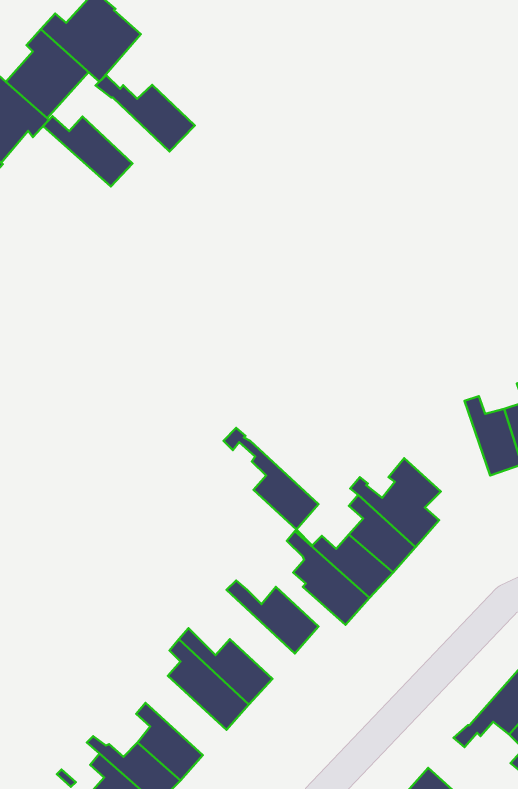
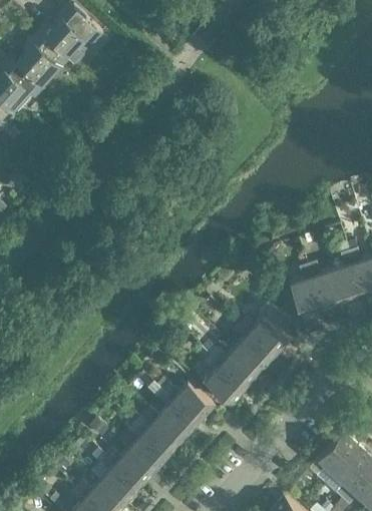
building: [96,75,195,152] -> none
building: [43,116,132,186] -> none
building: none -> [289,266,322,320]
building: [223,428,319,530] -> [138,377,199,441]
building: none -> [104,439,155,489]

